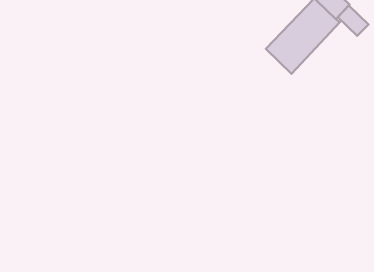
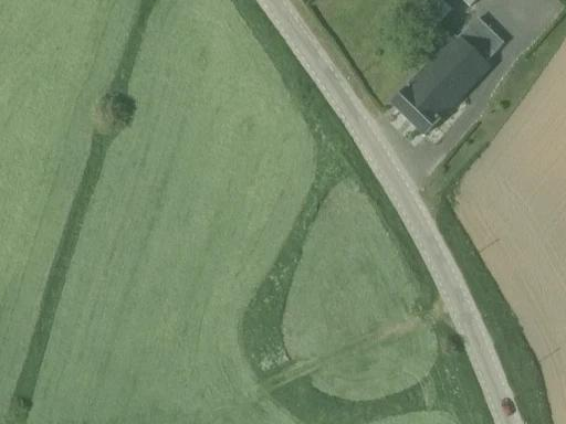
building: [338,6,368,36] -> none

